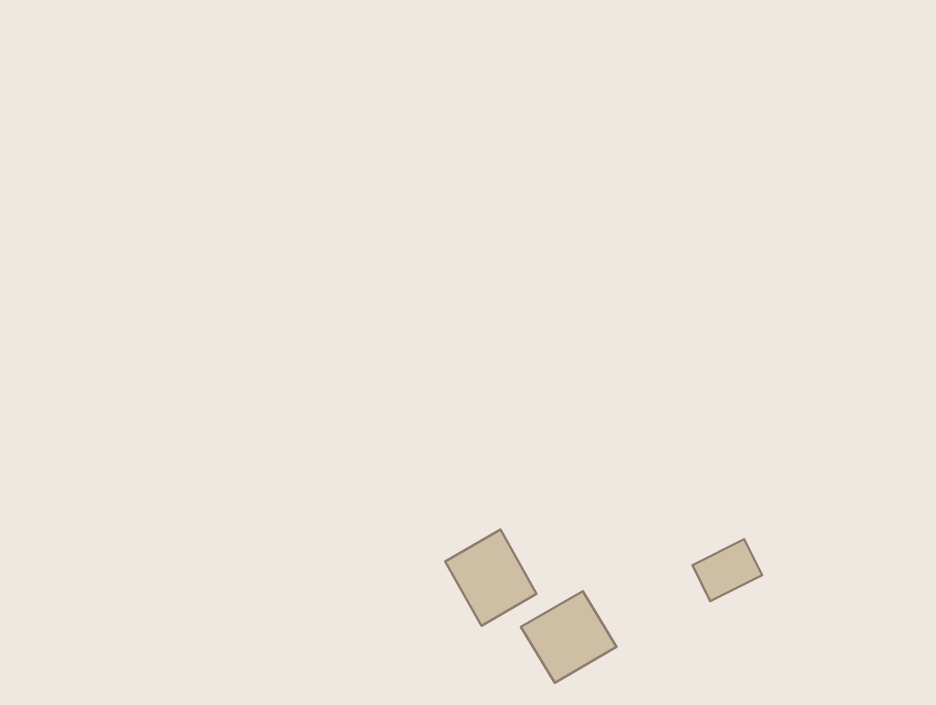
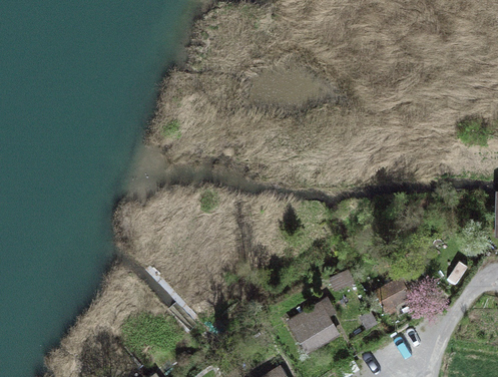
building: [445,530,536,626] -> none

